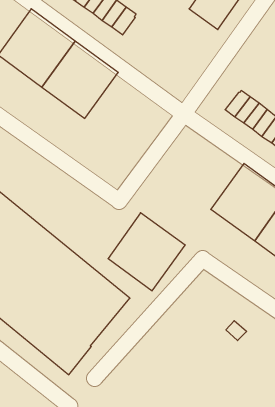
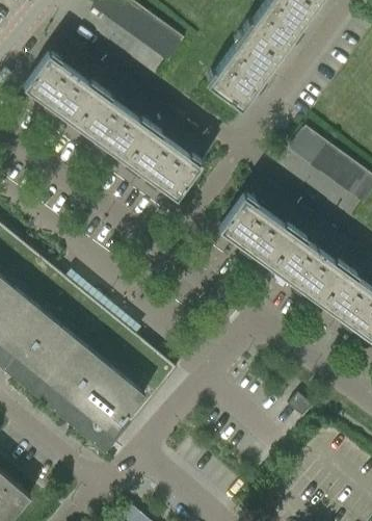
building: none -> [207,37,277,112]
building: none -> [124,111,213,202]
building: [108,213,185,291] -> [218,179,308,269]

